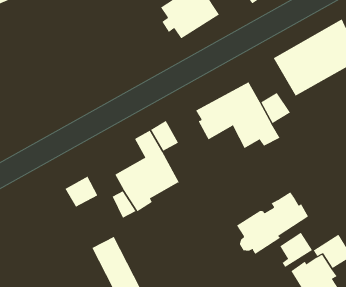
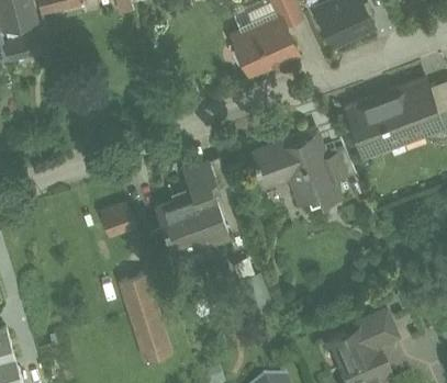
building: [236,192,309,255] -> none
building: [279,232,313,268] -> none

